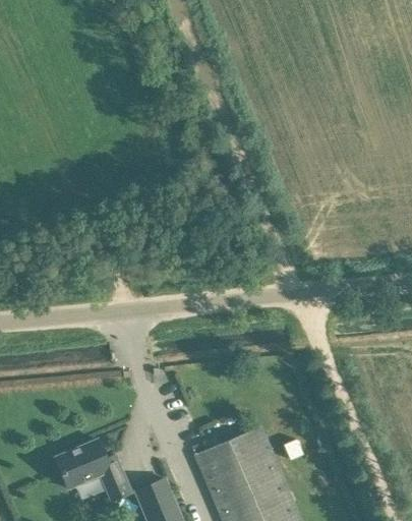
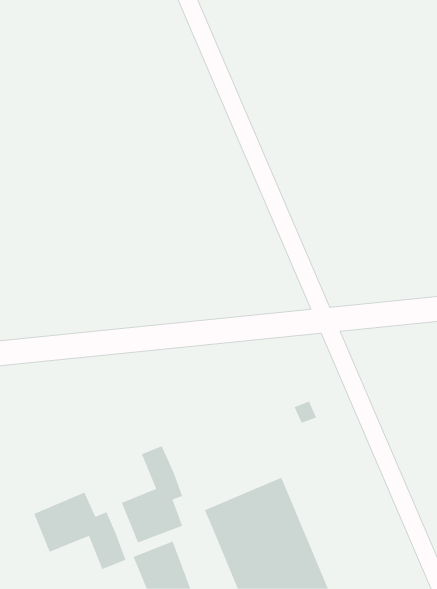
building: none -> [121,445,183,544]

